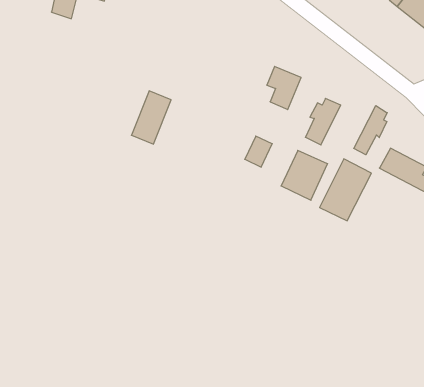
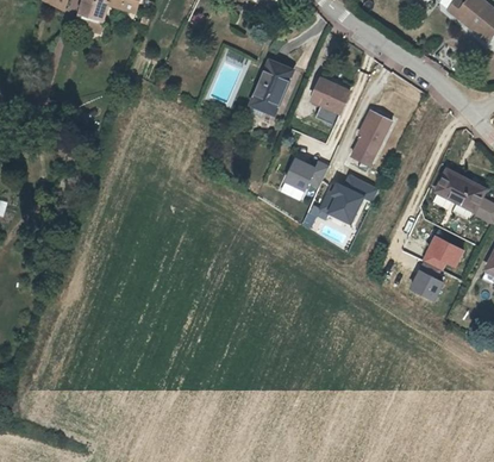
building: [131,91,171,144] -> [250,58,293,116]
building: [354,106,387,155] -> none
building: [320,159,371,221] -> [409,232,465,299]

